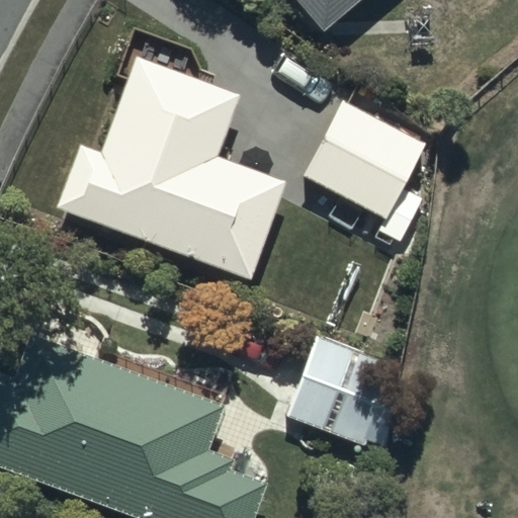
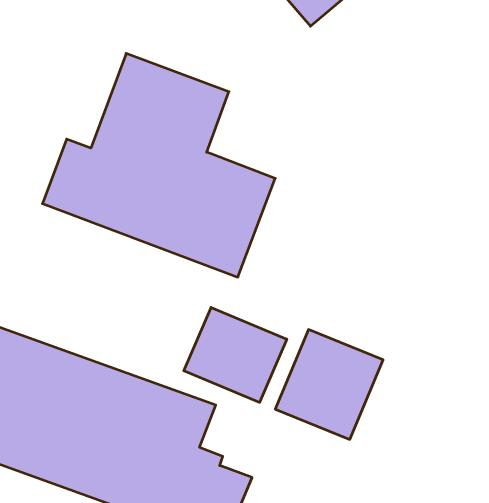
building: [306,102,424,239] -> none
building: none -> [184,307,287,402]

